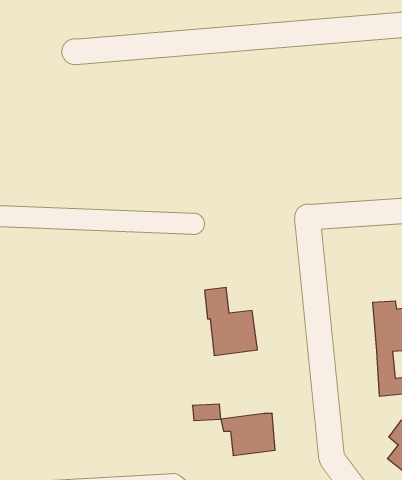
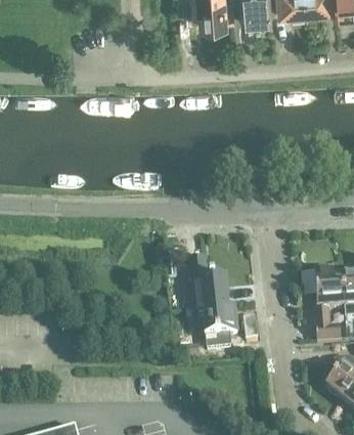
building: [221,414,275,456] -> [194,305,235,337]

